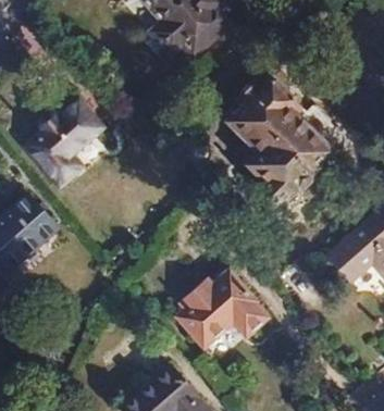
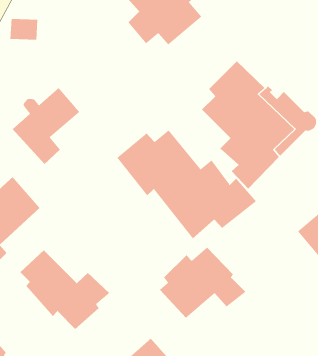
building: none -> [116,130,257,239]
building: none -> [20,249,110,330]

